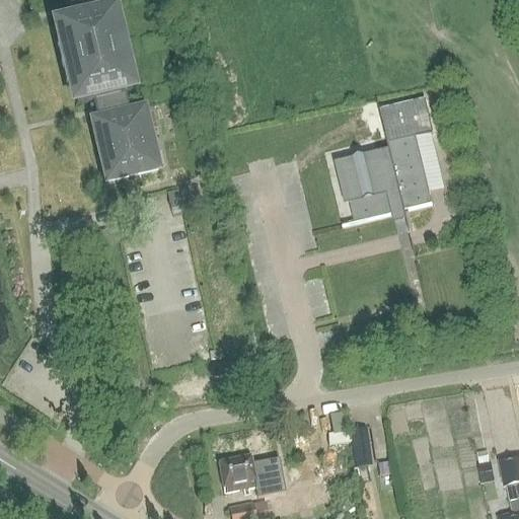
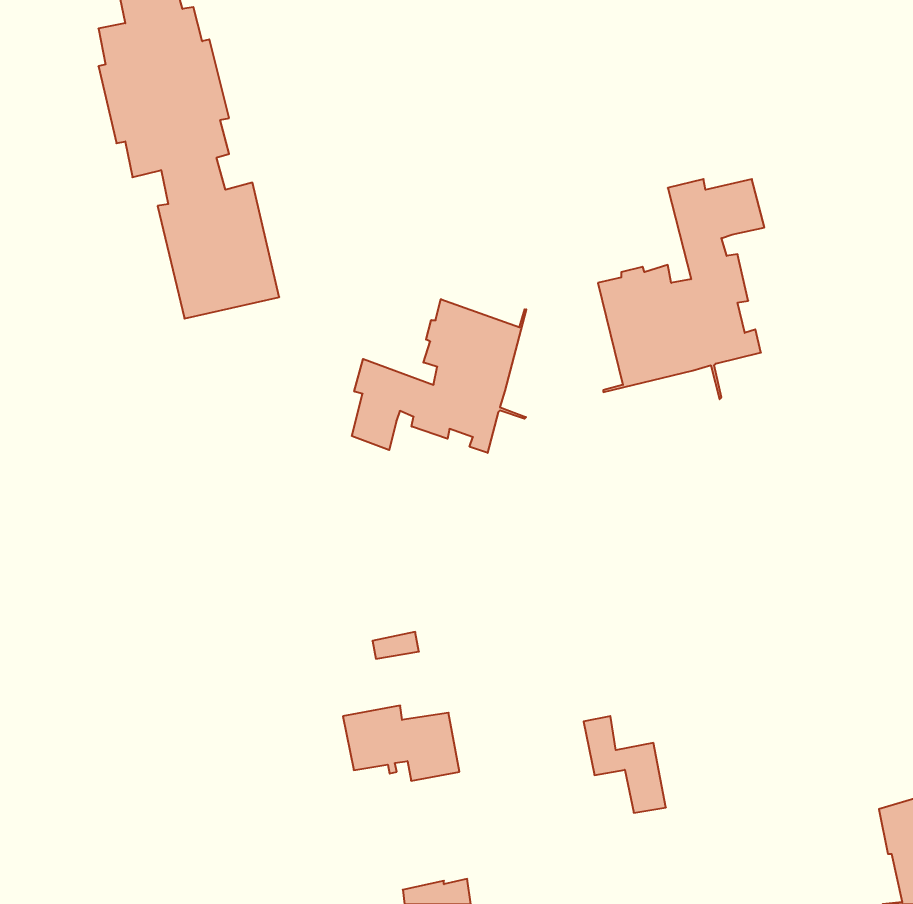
building: none -> [352,299,526,453]
building: [218,451,284,494] -> [343,706,459,781]

